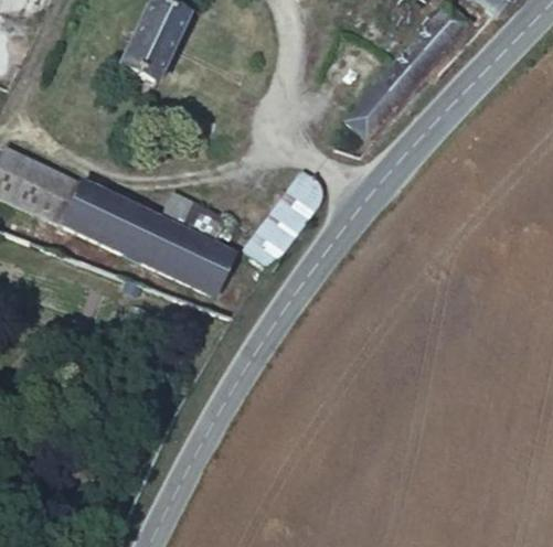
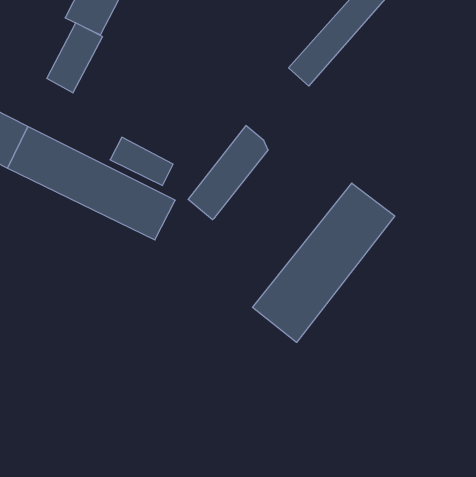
building: none -> [47,23,102,93]
building: none -> [253,183,395,342]

